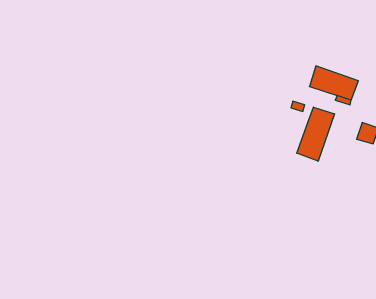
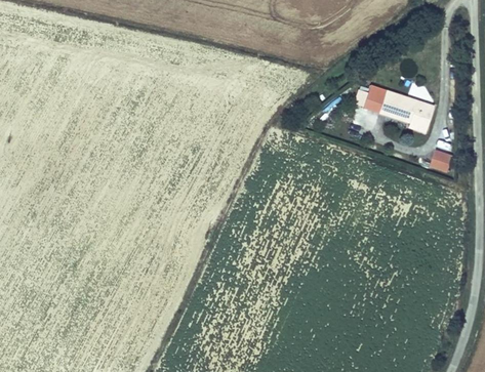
building: [297,107,335,161] -> none

